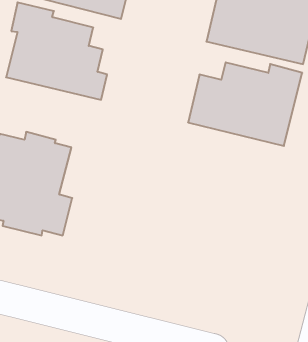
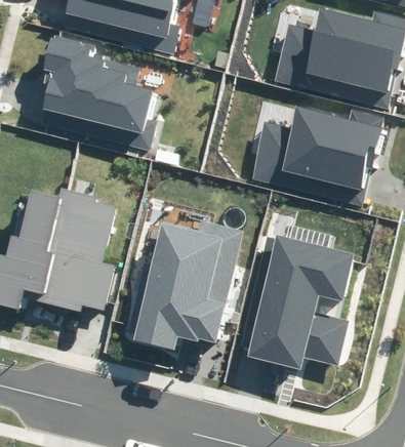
building: none -> [132,219,243,350]
building: none -> [238,233,355,369]

